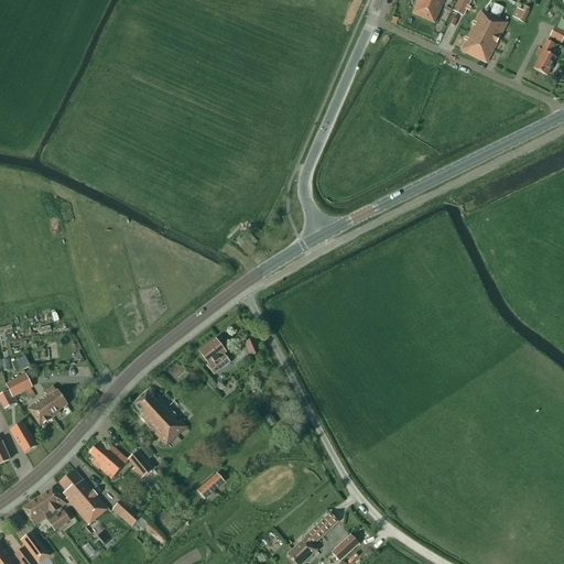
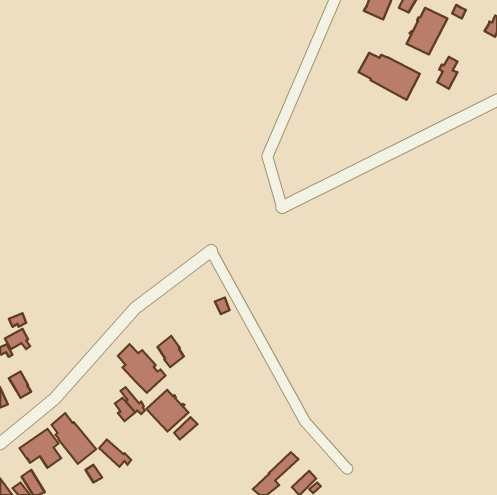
building: [533,39,556,75] -> [437,57,458,89]
building: none -> [358,53,420,100]
building: [199,338,229,373] -> [158,336,184,367]
building: [28,389,67,425] -> none
building: [88,442,128,478] -> none
building: none -> [146,390,188,431]

